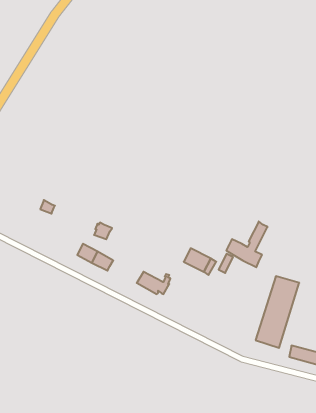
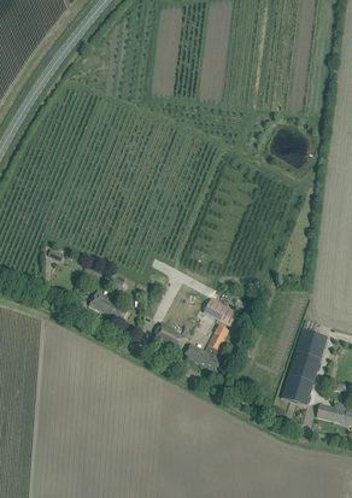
building: [226,221,268,267] -> [184,324,229,374]

